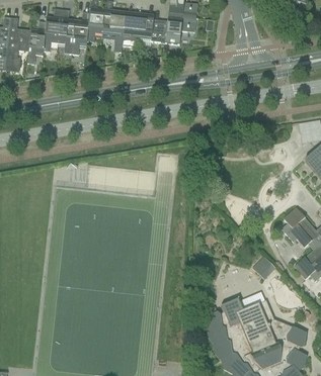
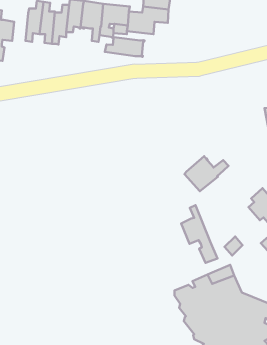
building: [26,21,46,64] -> none
building: none -> [105,37,144,57]
building: none -> [184,156,229,191]
building: none -> [181,205,218,263]

